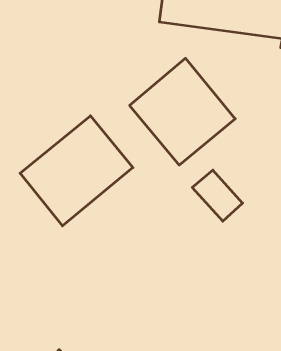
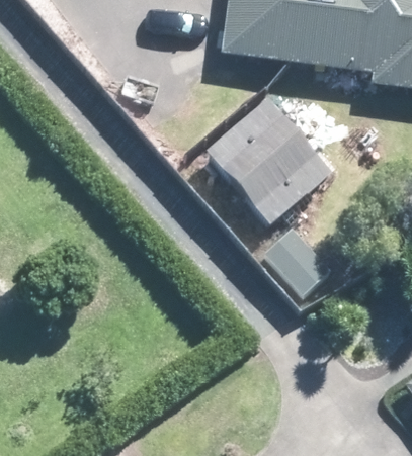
building: [20,116,133,226] -> none

